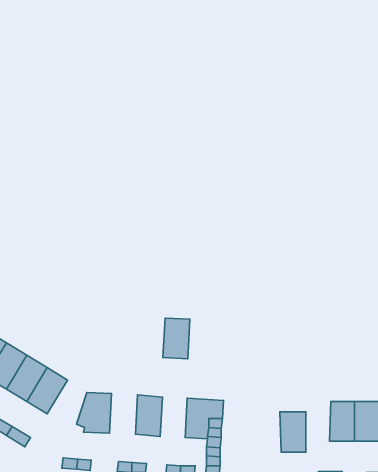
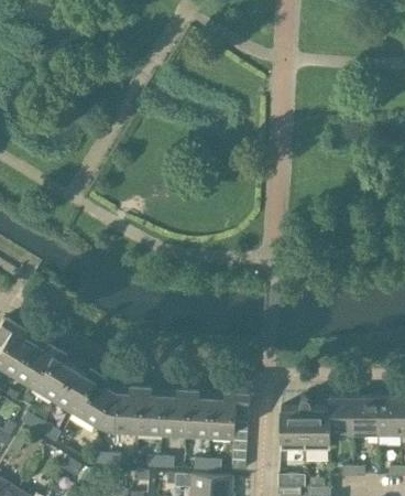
building: [163,318,190,359] -> [188,393,215,433]
building: none -> [78,377,117,422]
building: none -> [139,390,166,430]
building: none -> [329,398,354,436]
building: none -> [281,408,306,448]

